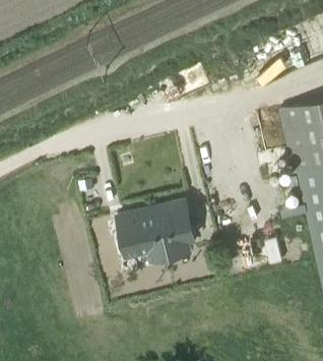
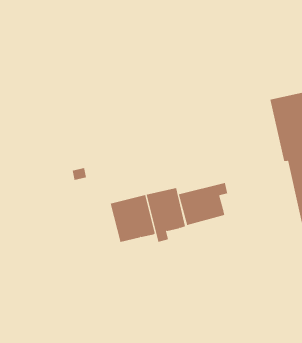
building: none -> [178,182,228,226]

